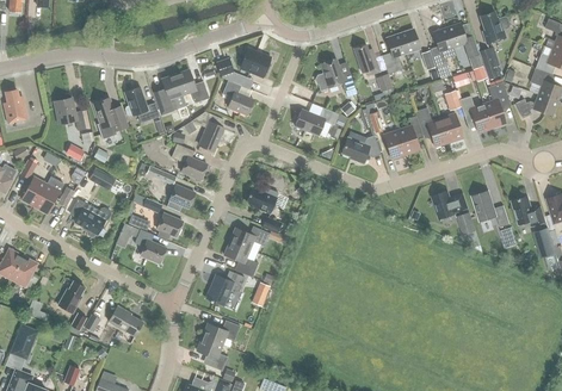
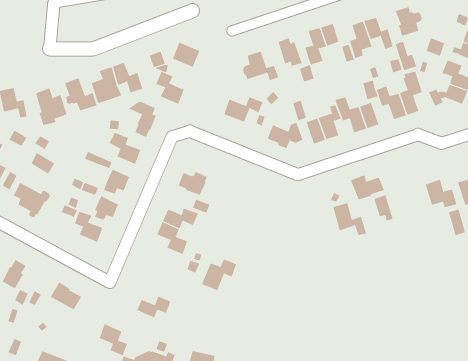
building: [471,190,508,225] -> [332,202,367,236]
building: [205,269,243,304] -> [201,258,237,291]
building: [196,335,227,370] -> [99,324,128,356]

